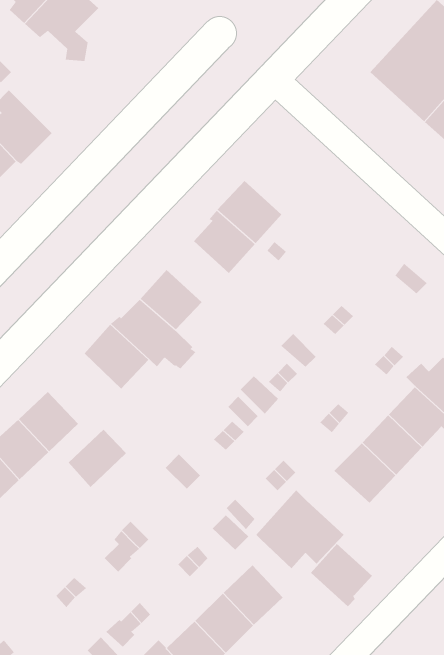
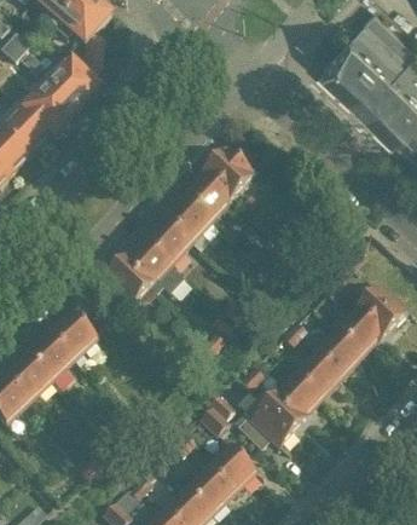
building: none -> [42,54,102,111]
building: none -> [164,195,213,242]
building: [68,429,126,488] -> none
building: [310,543,373,607] -> [273,373,322,422]

